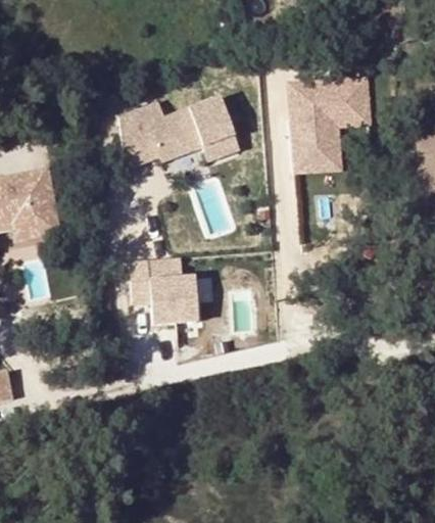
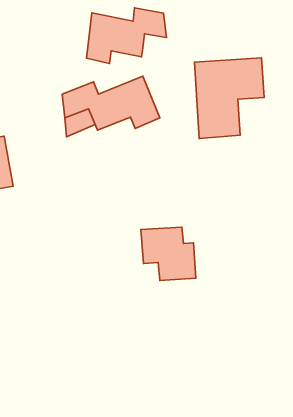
building: none -> [87,8,167,63]
building: [130,256,198,323] -> [141,227,196,281]

